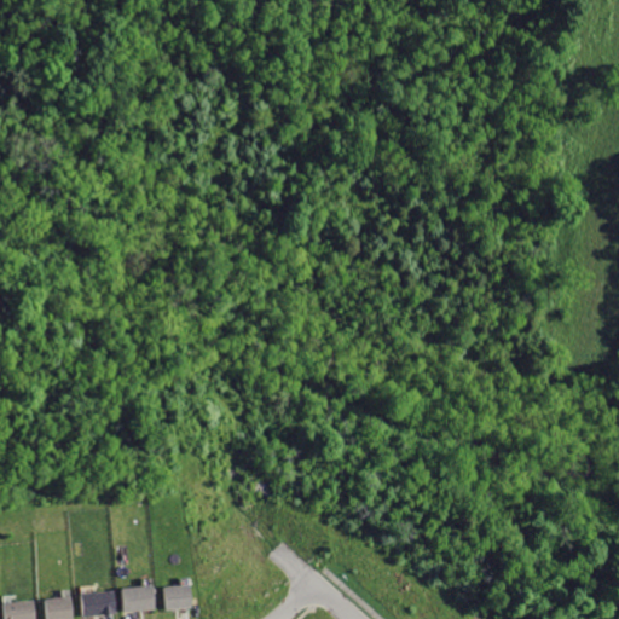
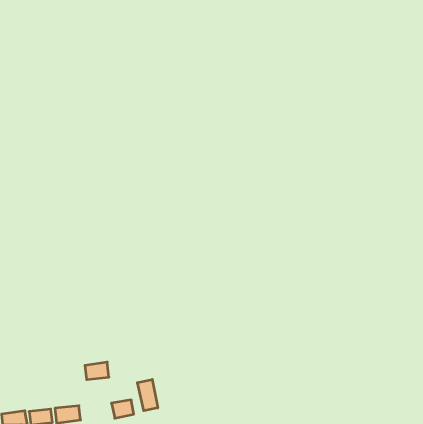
building: none -> [137,379,158,411]
building: [121,585,156,611] -> [85,362,109,380]

